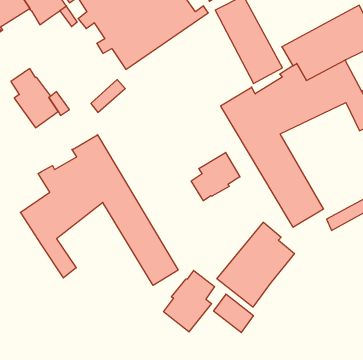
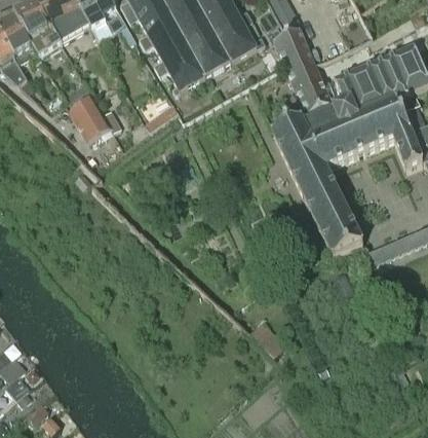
building: [20,135,178,285] -> none
building: [191,152,240,201] -> none
building: [217,222,294,307] -> none
building: [164,270,215,332] -> none

